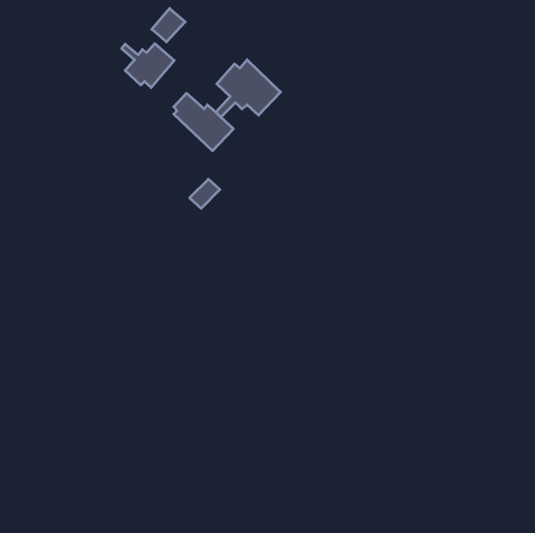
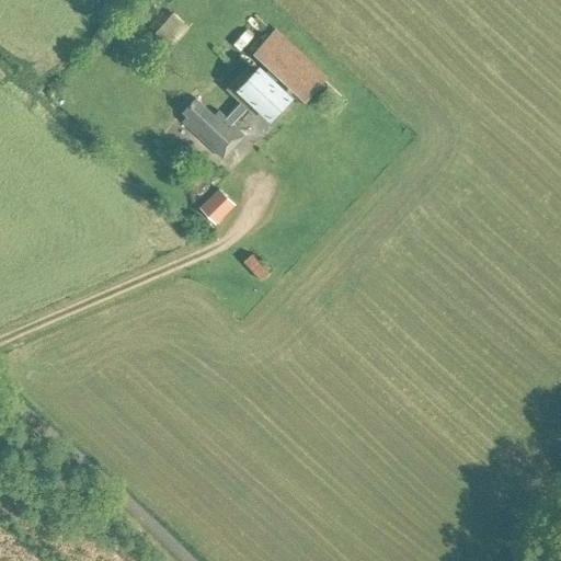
building: none -> [253,30,328,102]
building: [122,44,174,88] -> none

